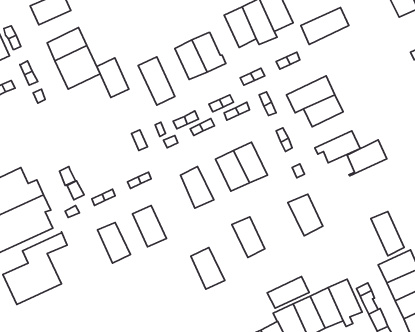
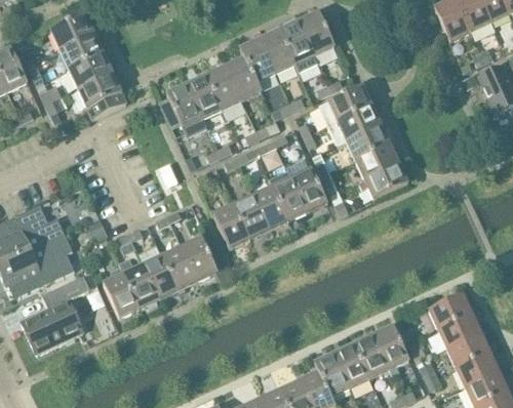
building: [301,8,349,45] -> [318,84,370,124]
building: none -> [58,33,102,68]
building: none -> [239,38,276,81]
building: [97,58,129,98] -> [187,74,222,117]
building: [347,140,387,176] -> [355,142,398,181]
building: [288,194,323,236] -> [289,166,327,211]
building: [371,212,404,256] -> none
building: none -> [142,253,176,297]
building: [232,217,265,257] -> [231,194,267,238]
building: none -> [102,267,139,316]
building: [191,248,225,289] -> [181,235,218,280]
building: [267,276,309,308] -> none

